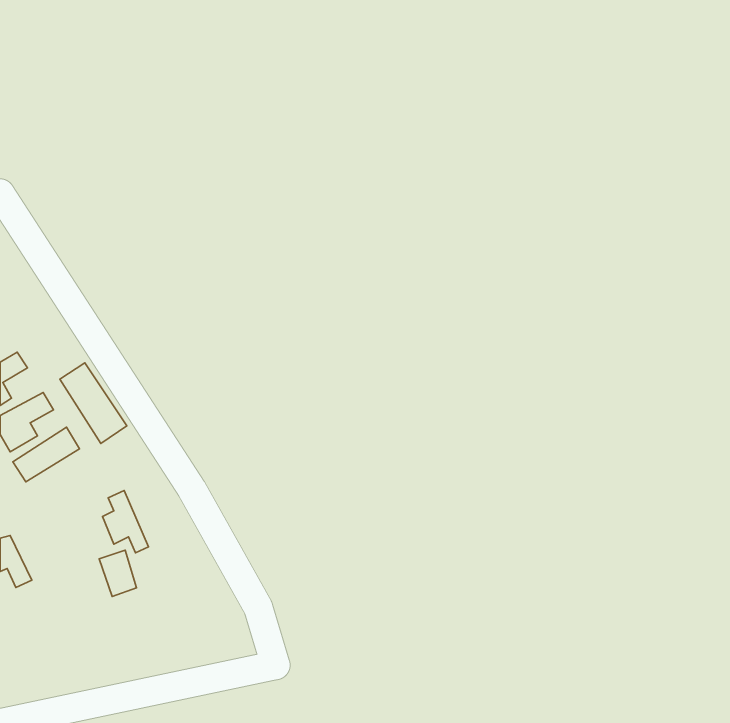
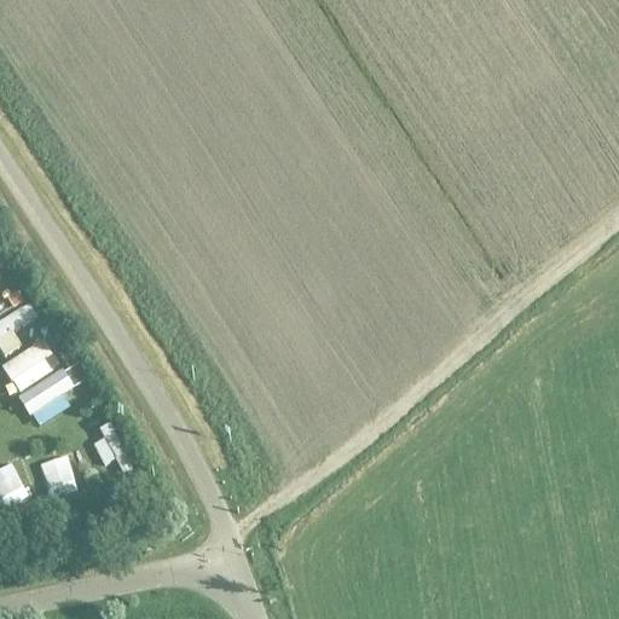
building: [60,363,127,444] -> none
building: [99,550,137,596] -> [45,455,76,493]

